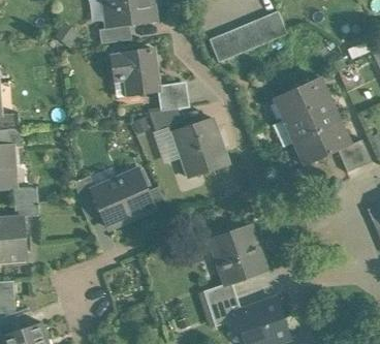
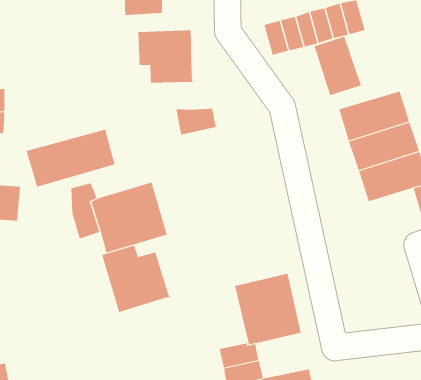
building: none -> [314,36,362,96]
building: [157,83,185,111] -> none
building: [171,119,228,179] -> none
building: none -> [26,129,115,188]
building: none -> [101,245,170,313]

